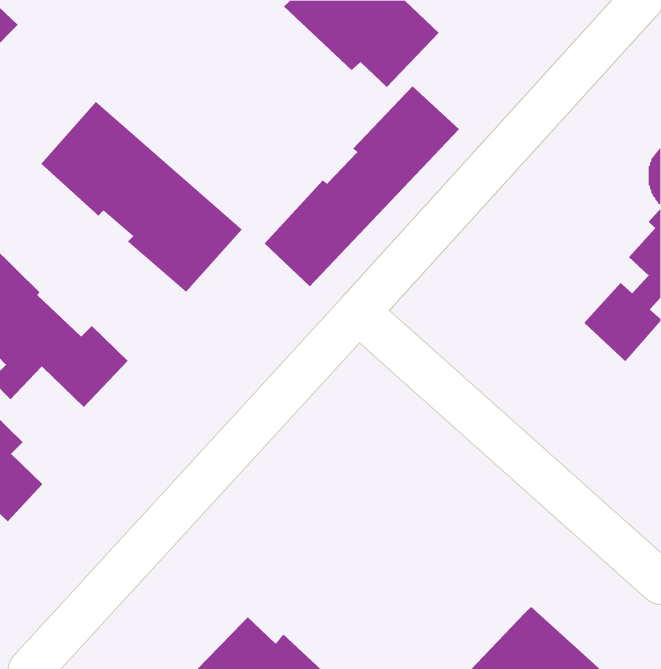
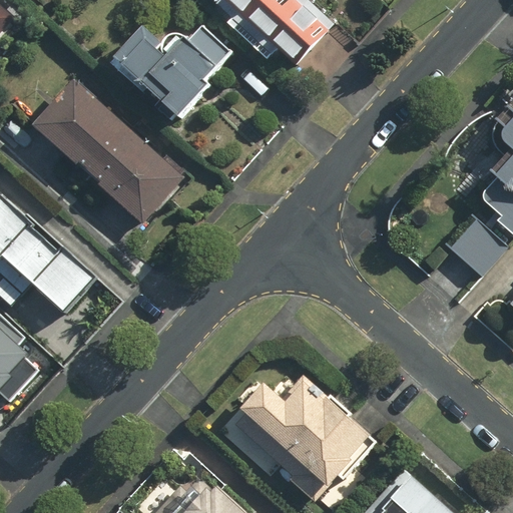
building: none -> [110,26,231,125]
building: [264,86,460,287] -> none
building: none -> [214,376,377,500]

